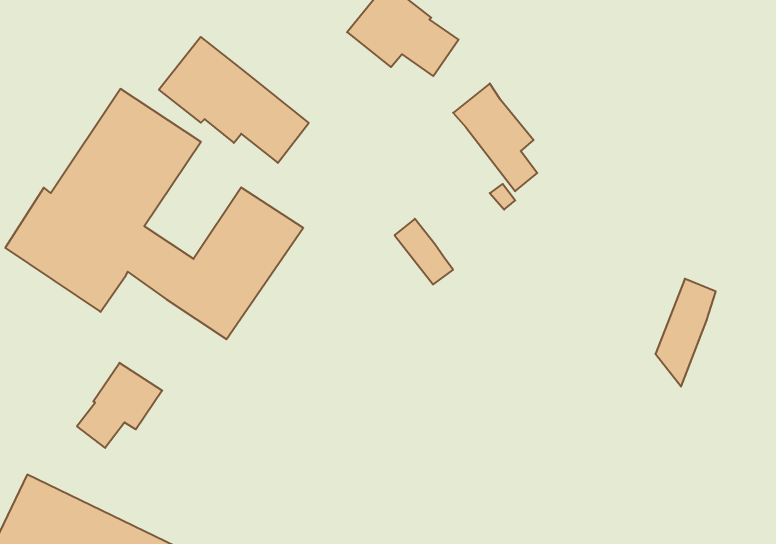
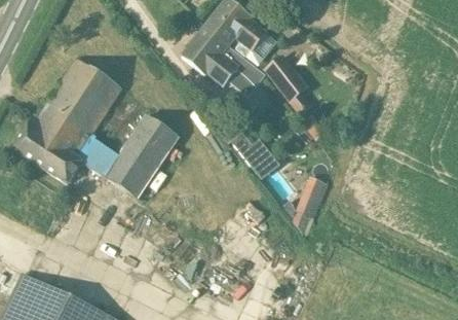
building: [159,37,309,163] -> [181,26,265,97]
building: [655,279,716,387] -> [293,176,327,237]
building: [77,363,162,448] -> none

